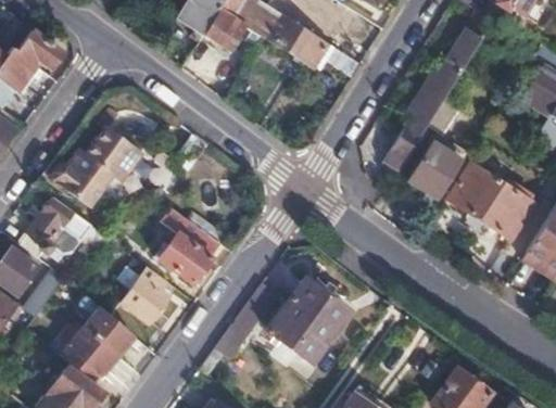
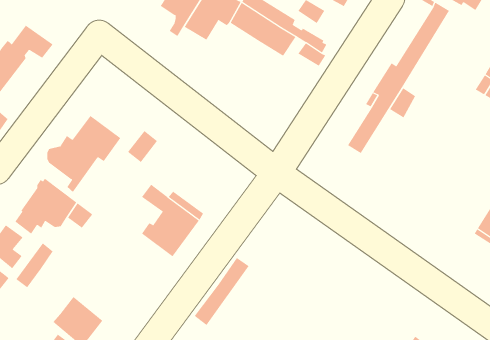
building: [409,143,463,196] -> none
building: [446,163,533,240] -> none
building: [121,265,168,321] -> none
building: [267,280,349,362] -> none
building: [78,295,132,353] -> none

